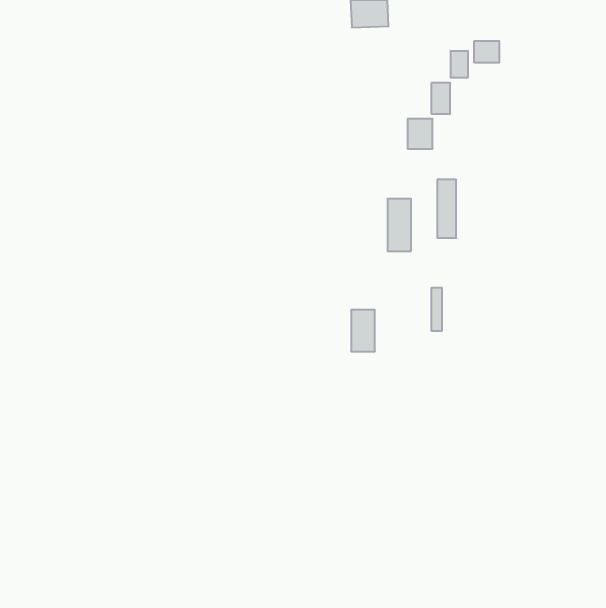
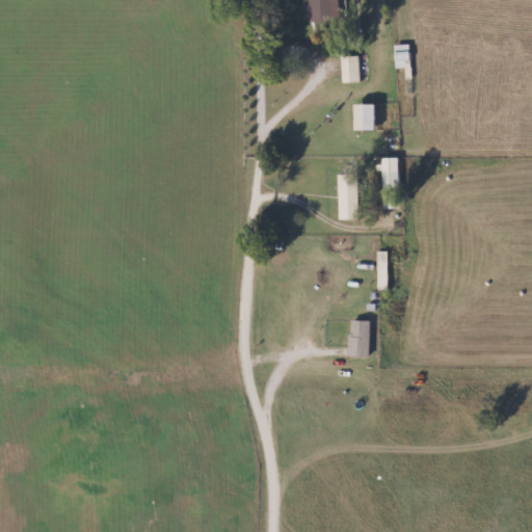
building: [474,41,499,63] -> none
building: [431,83,450,114] -> [342,56,358,83]
building: [351,310,375,351] -> [349,320,370,356]

